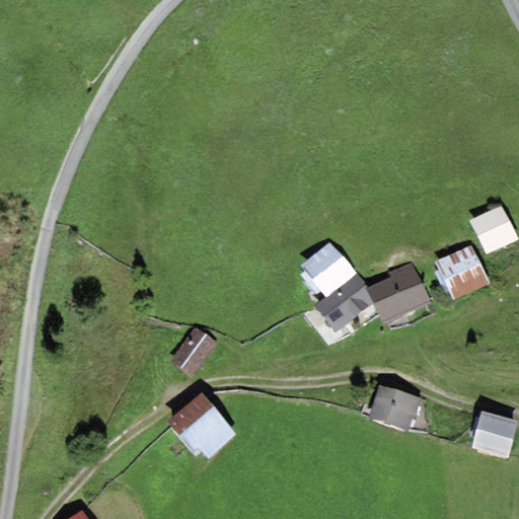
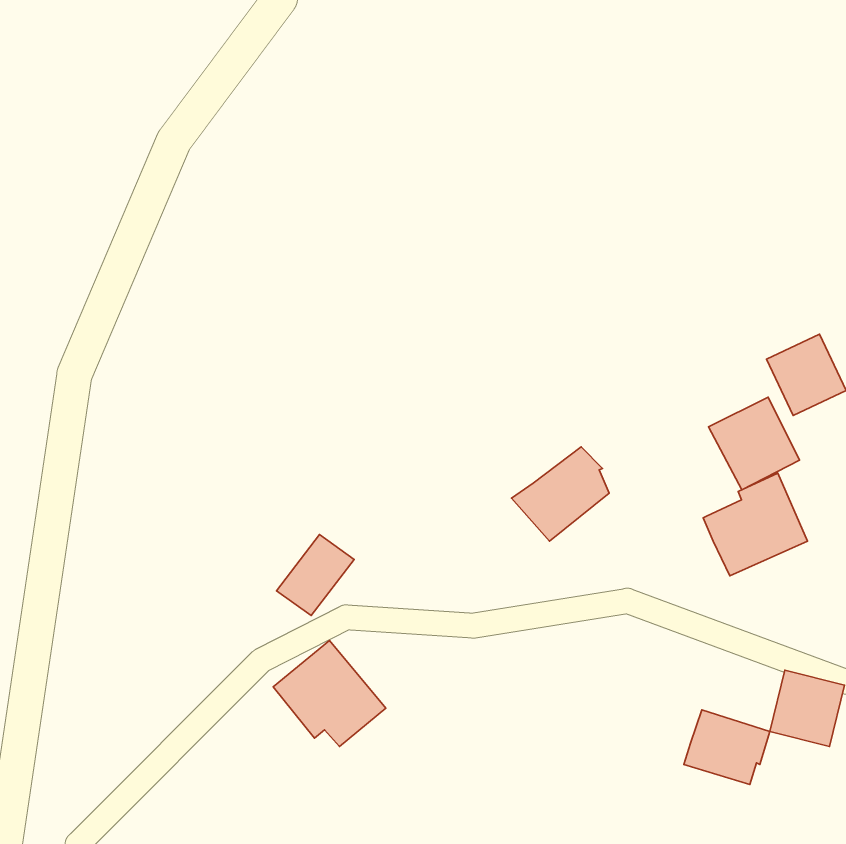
building: [301,241,356,296] -> none
building: [367,261,431,323] -> [703,473,808,576]
building: [368,385,421,431] -> [684,710,770,784]

